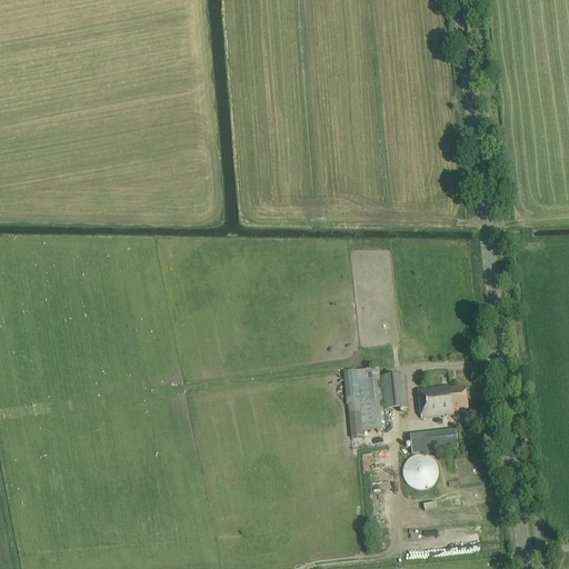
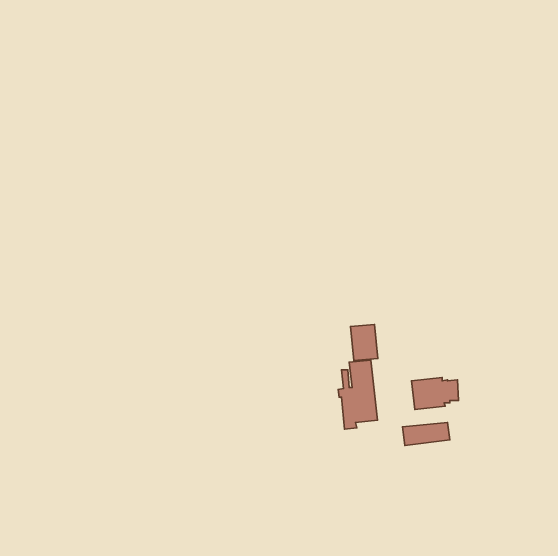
building: [379,371,407,408] -> [351,324,378,361]
building: [401,452,437,488] -> none

